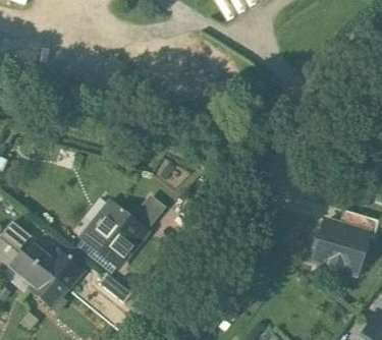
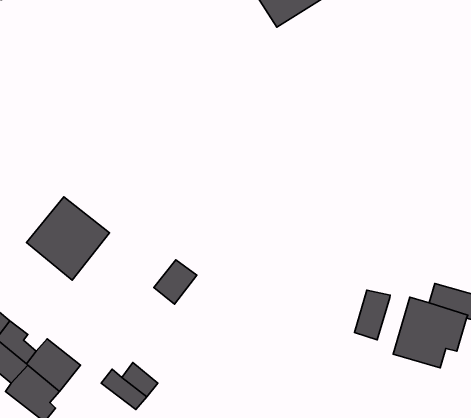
building: [83,205,144,266] -> [26,197,109,280]
building: none -> [354,290,390,340]

